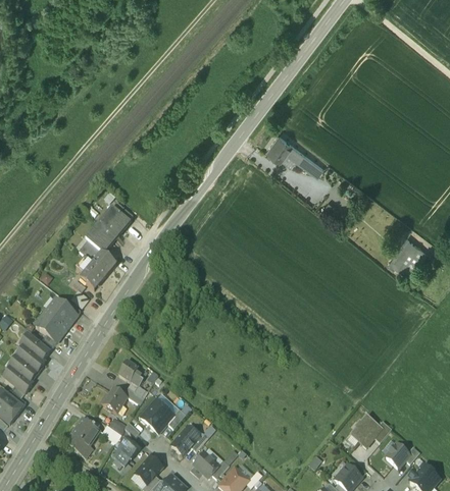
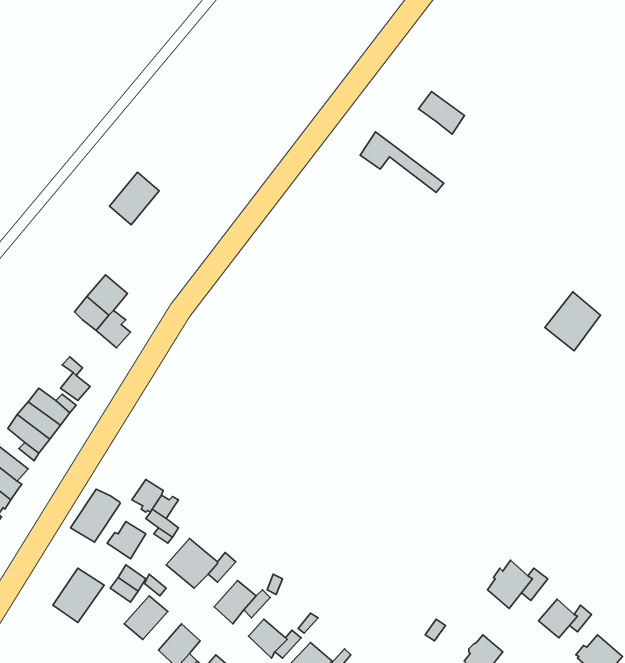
building: none -> [418,92,465,134]
building: [99,203,132,237] -> [110,172,159,225]
building: [76,255,106,289] -> none
building: none -> [71,489,120,542]

